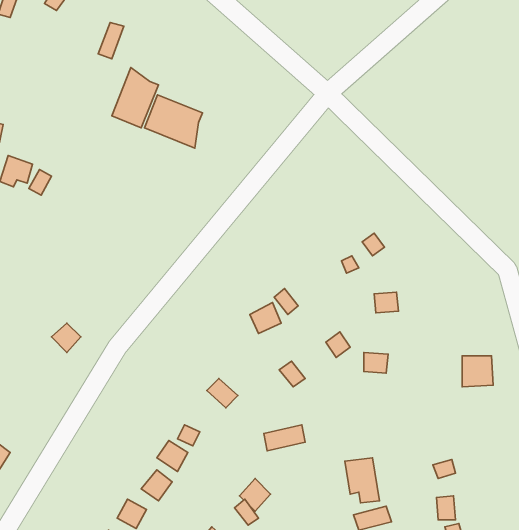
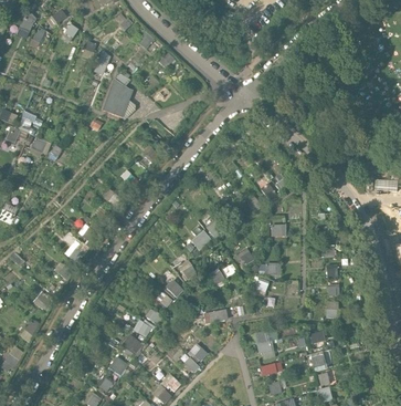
building: [145,95,202,148] -> none

